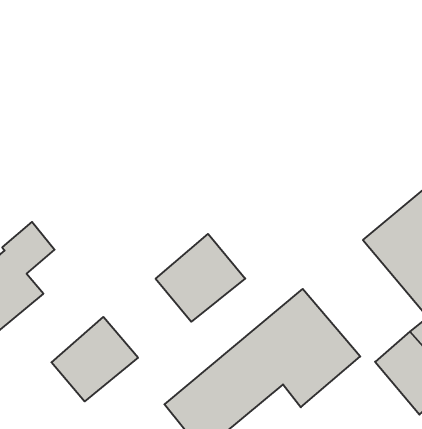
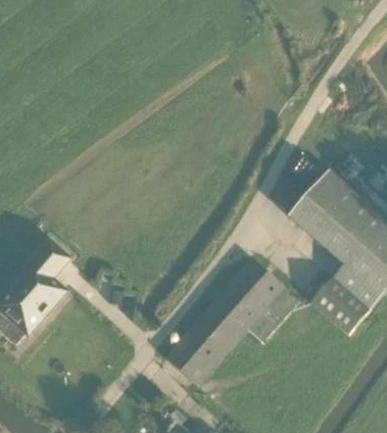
building: [156,234,245,322] -> none
building: [51,317,138,401] -> none

